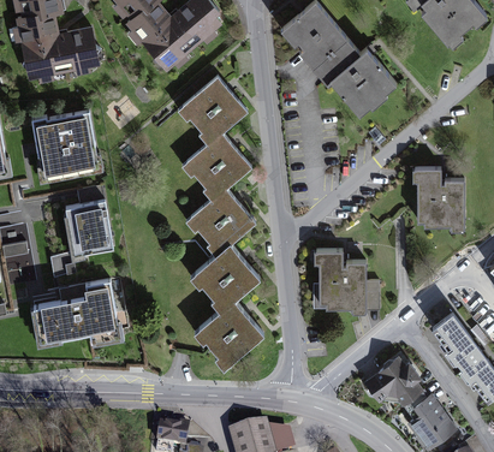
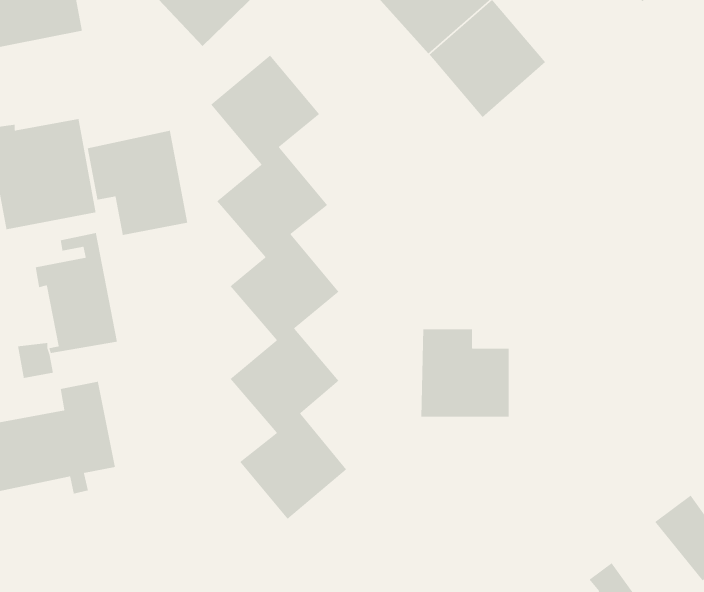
building: none -> [87,130,188,236]
building: [407,162,463,216] -> none
building: [427,313,478,368] -> none
building: [365,355,419,400] -> none

